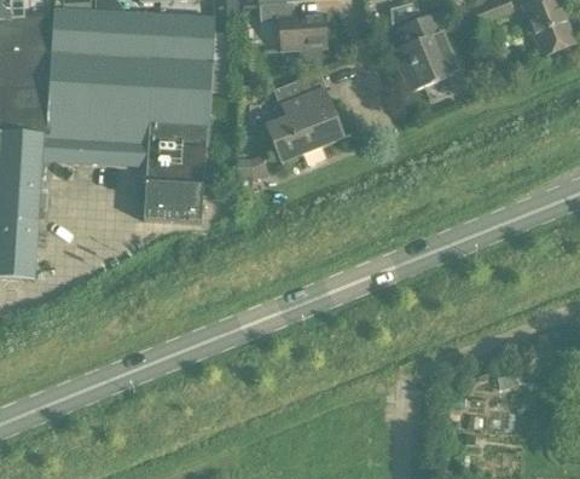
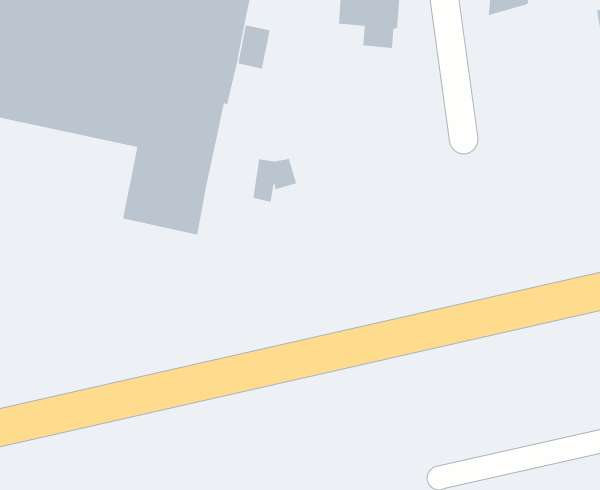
building: [393,12,458,90] -> none
building: [266,70,343,161] -> none

